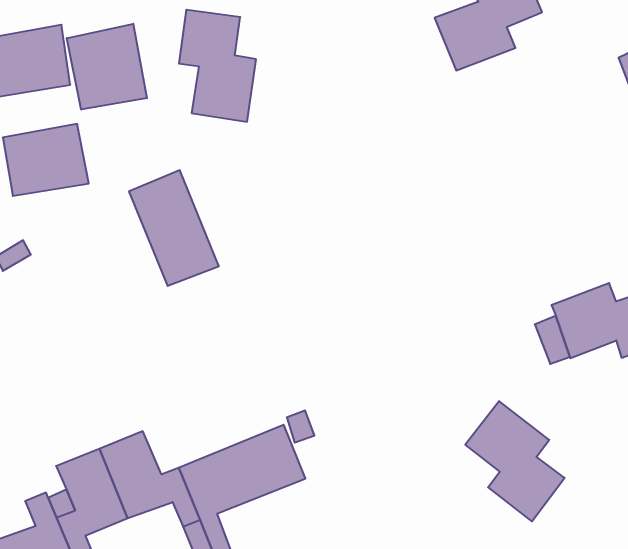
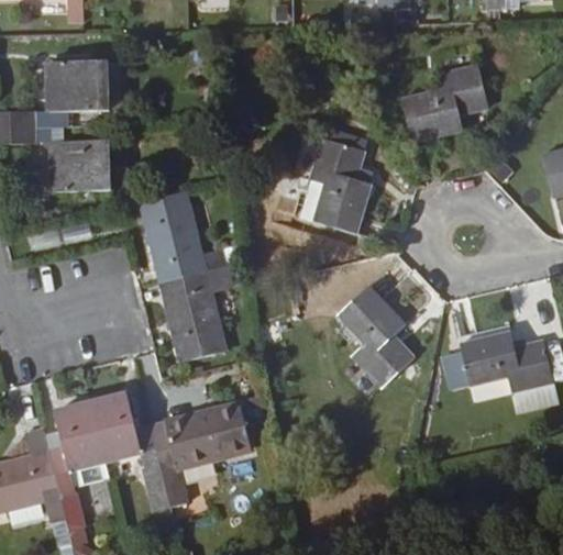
building: [179,10,256,122] -> [309,134,371,230]
building: [67,24,147,110] -> none
building: none -> [163,271,225,362]
building: [465,401,565,521] -> [339,287,413,386]

